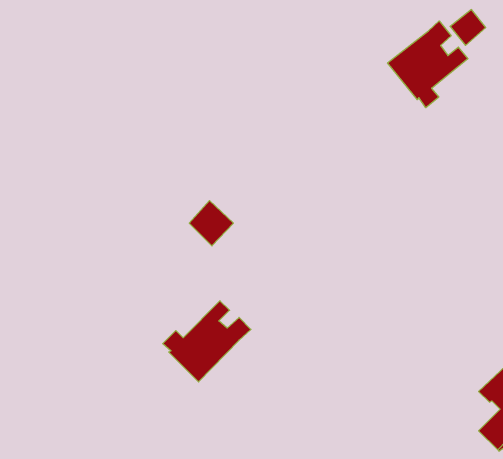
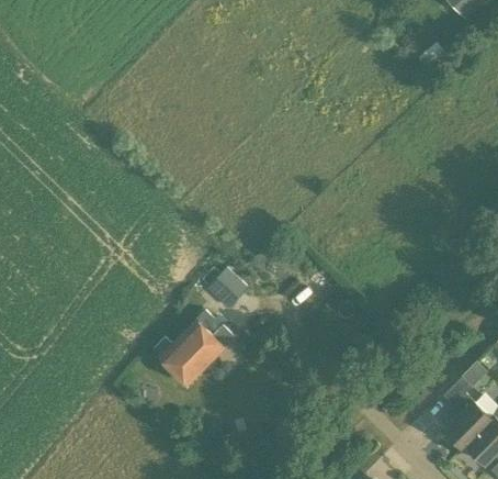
building: [388,21,468,108] -> none
building: [189,201,233,246] -> [208,267,249,309]

